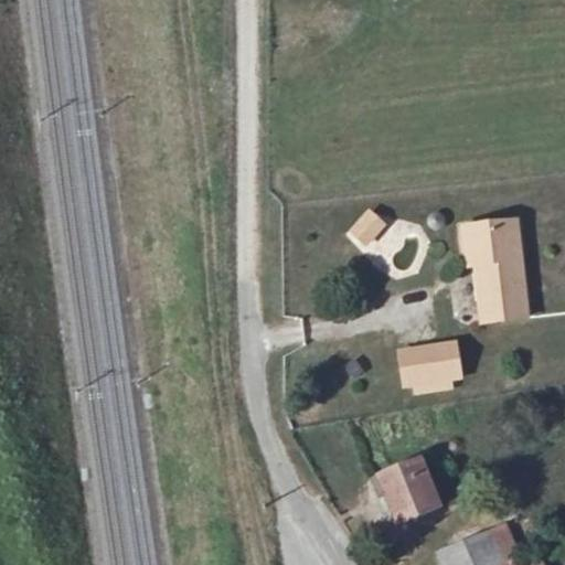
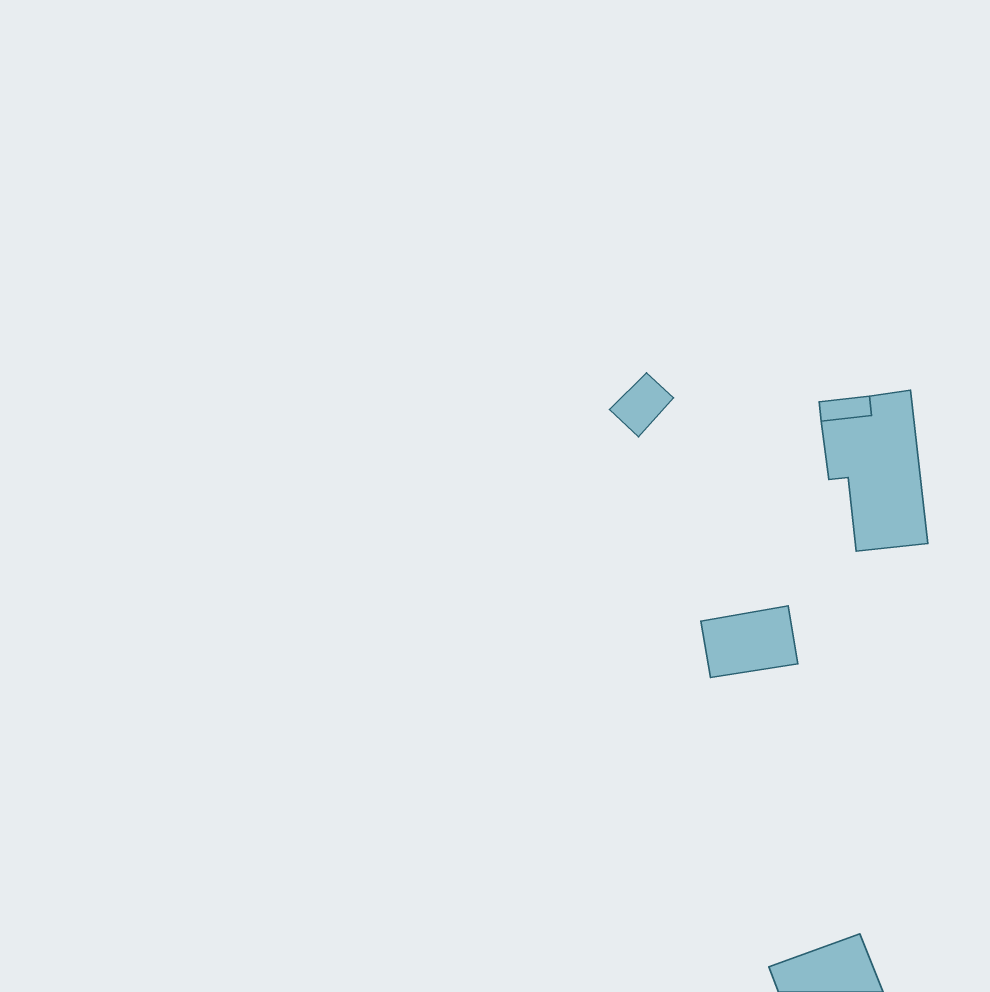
building: [369,460,438,521] -> none

